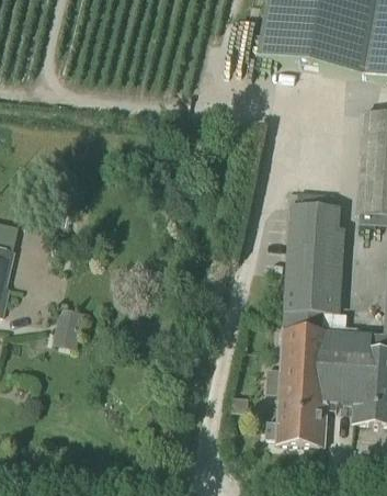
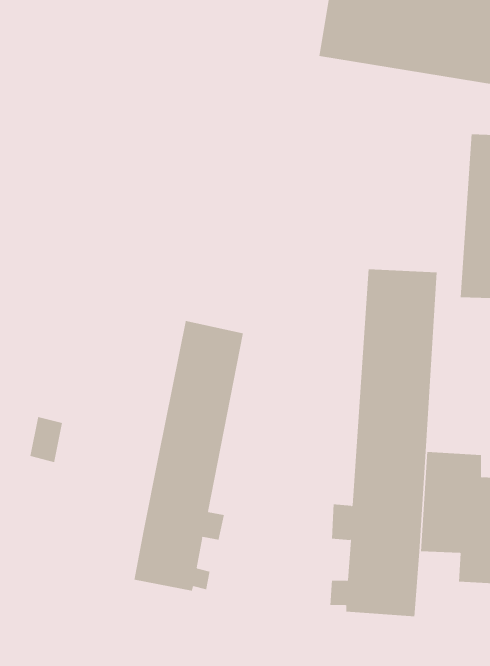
building: none -> [134,320,243,592]

